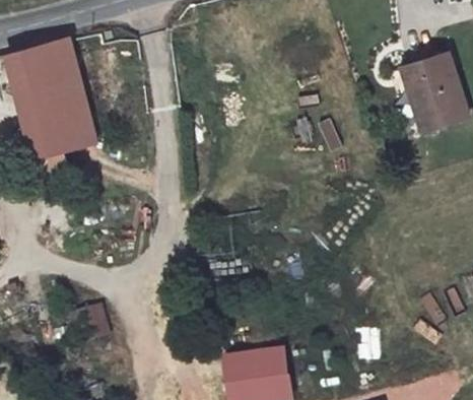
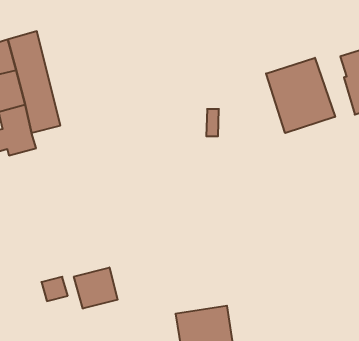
building: none -> [266,58,335,133]
building: none -> [74,267,118,309]

